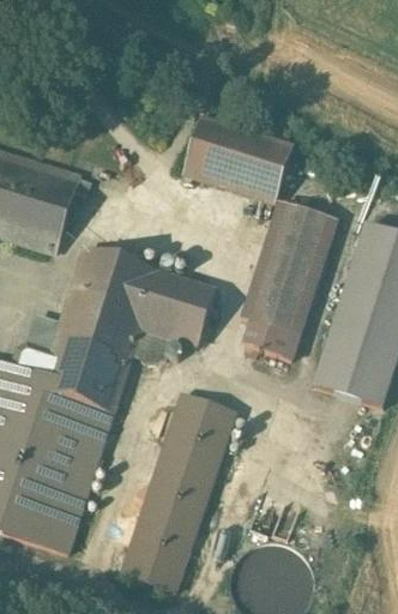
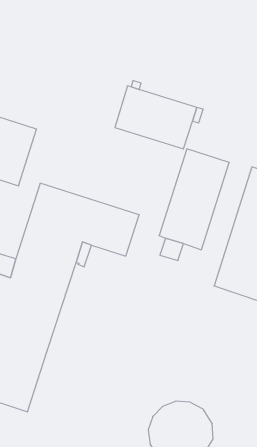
building: [121,395,236,591] -> none

